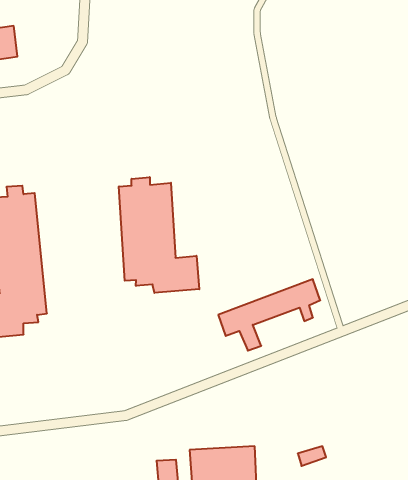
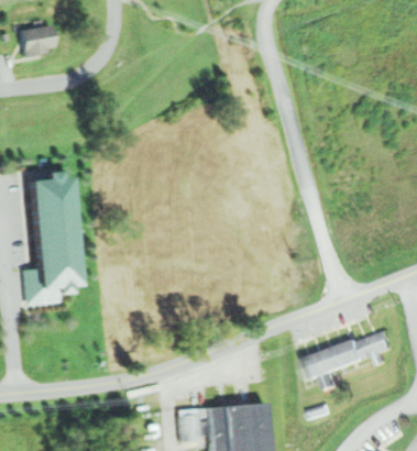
building: [119,177,199,293] -> none
building: [218,279,320,351] -> [303,327,394,391]

